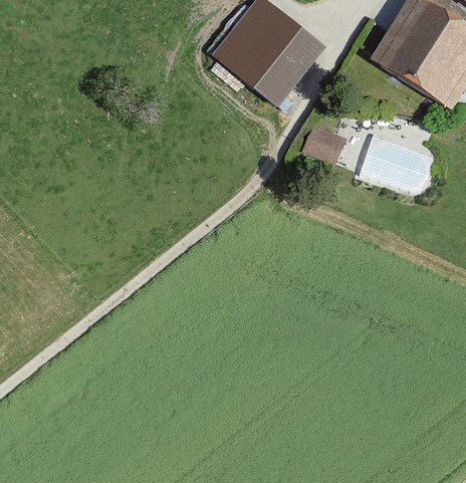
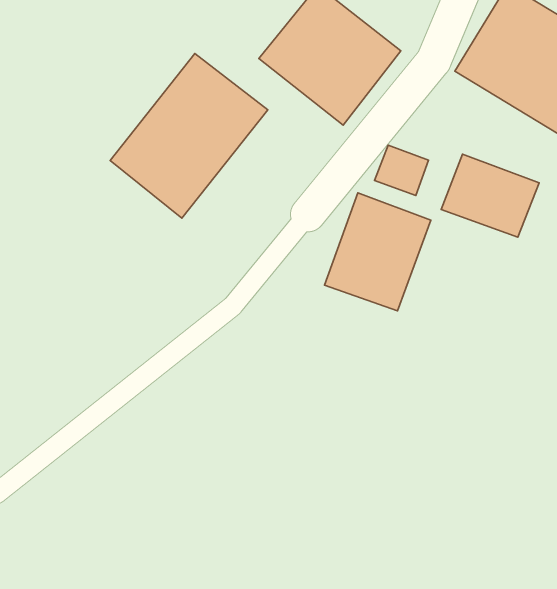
building: none -> [110,54,268,218]
building: none -> [324,193,431,311]

